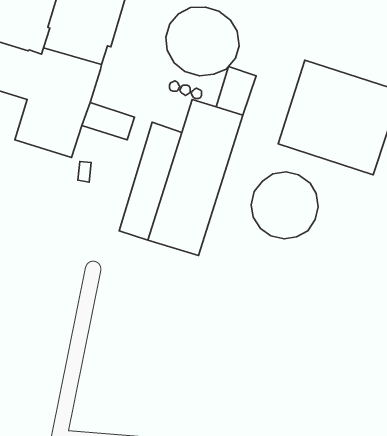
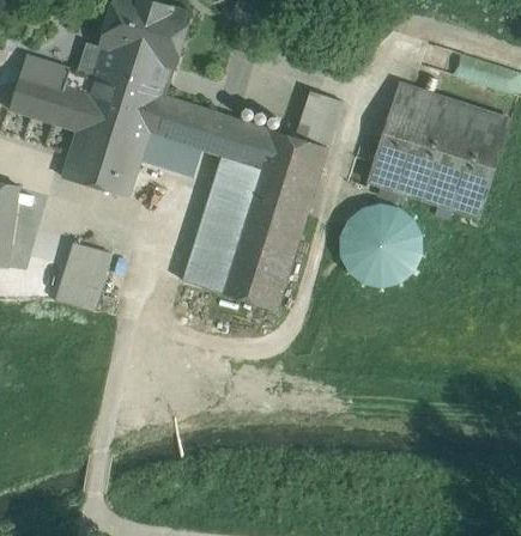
building: [166,7,239,76] -> none
building: none -> [151,95,214,150]
building: none -> [223,118,269,168]
building: none -> [55,243,111,309]

